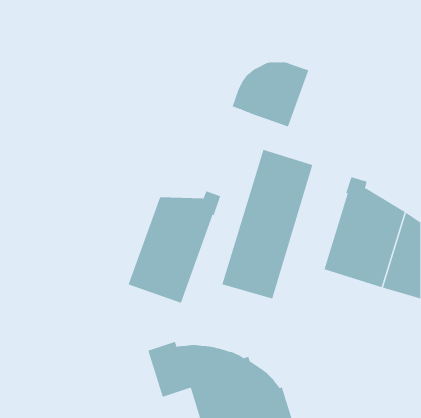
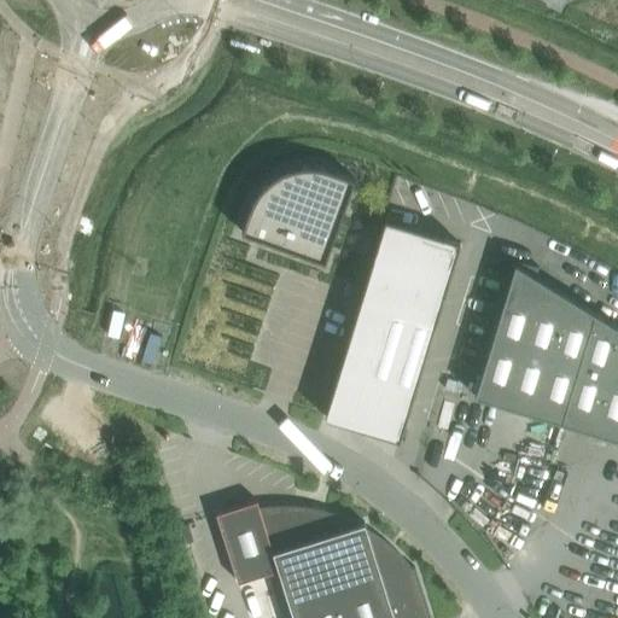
building: [232,62,309,127] -> [241,170,355,266]
building: [128,190,221,304] -> none

